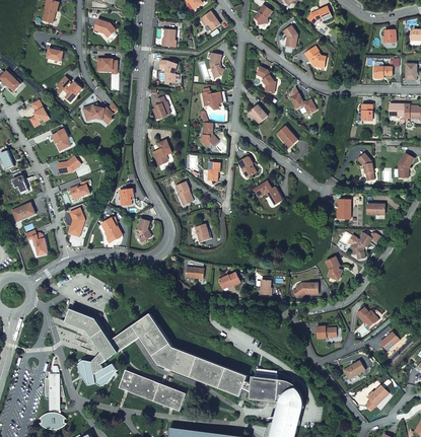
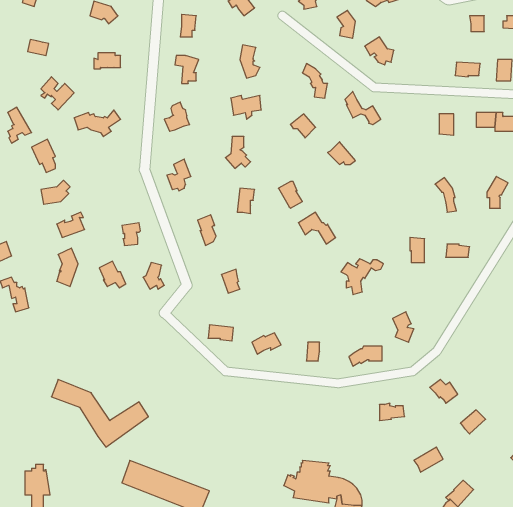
building: [348,232,380,260] -> [341,259,383,295]
building: [132,313,248,396] -> none
building: [78,352,117,386] -> none

